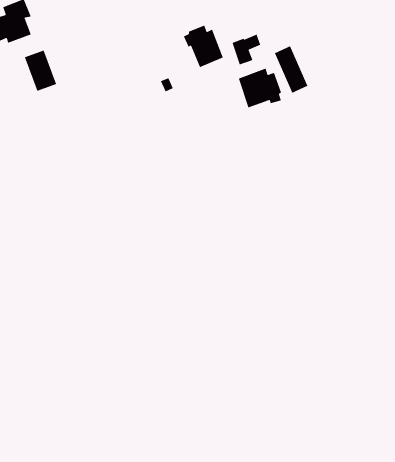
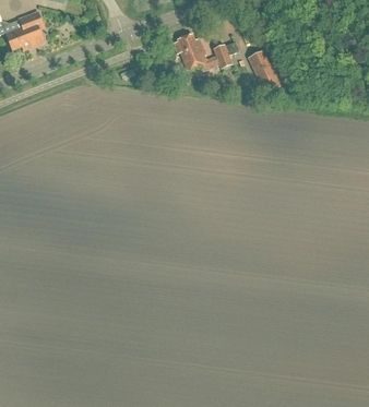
building: [24,50,57,92] -> none
building: [238,68,282,108] -> none

